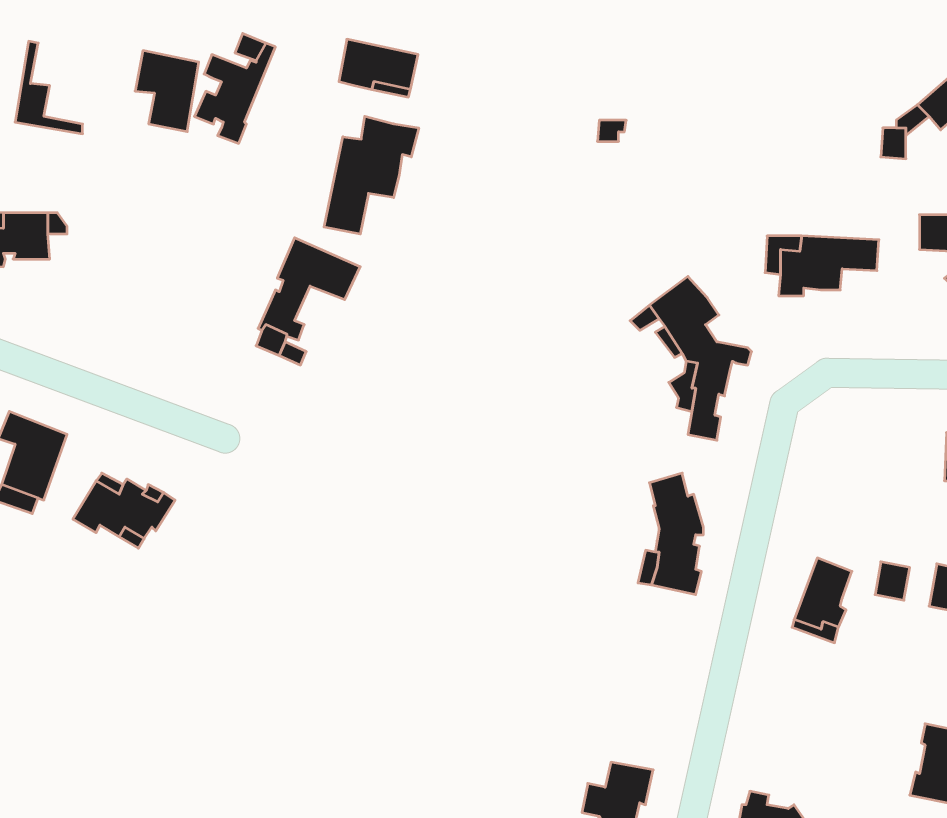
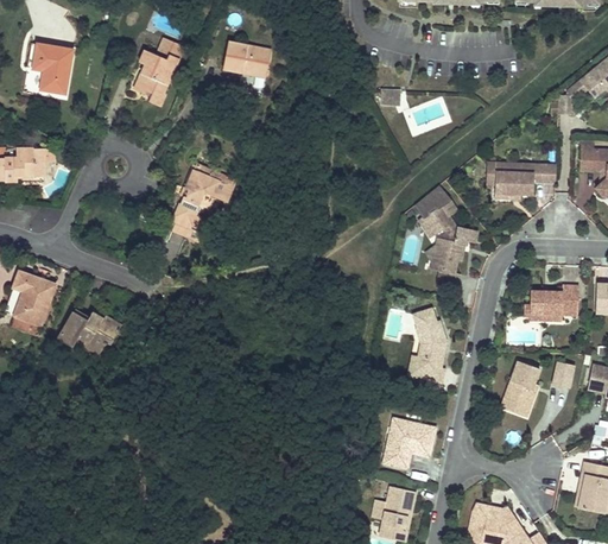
building: [135,51,199,132] -> [33,43,72,93]
building: [324,116,419,234] -> none
building: none -> [524,284,580,320]
building: none -> [382,418,435,468]

